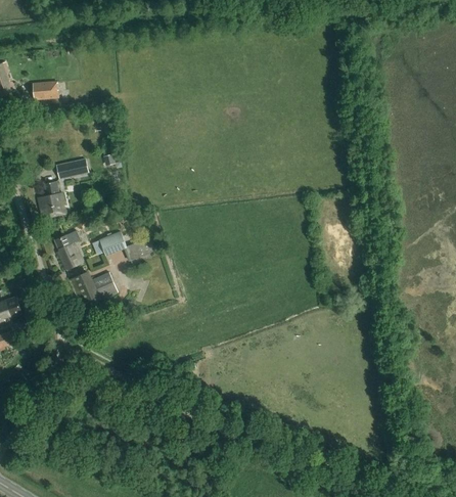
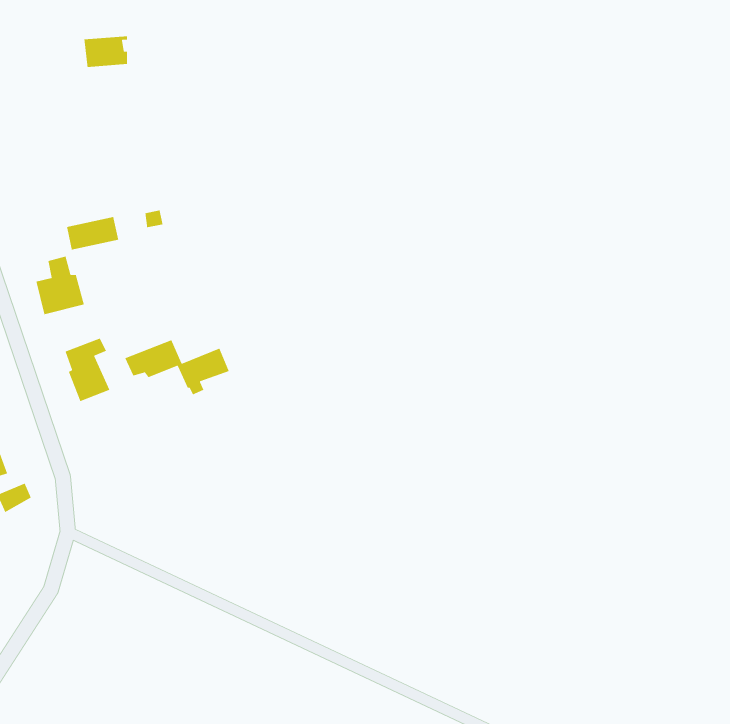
building: [32,81,58,100] -> [84,35,128,68]
building: [67,272,118,308] -> none

